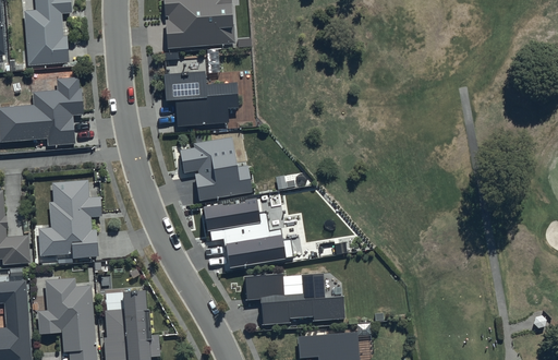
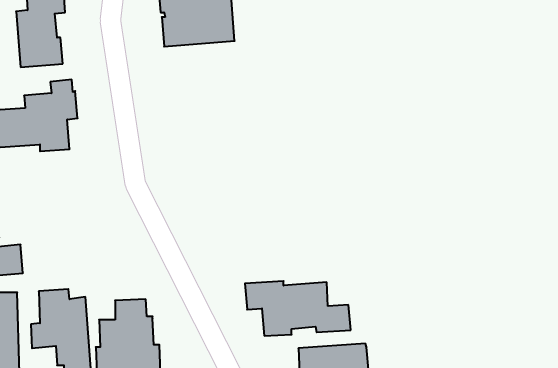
building: [162,68,236,123] -> none
building: [179,134,251,200] -> none
building: [39,181,101,259] -> none
building: [202,196,293,265] -> none

